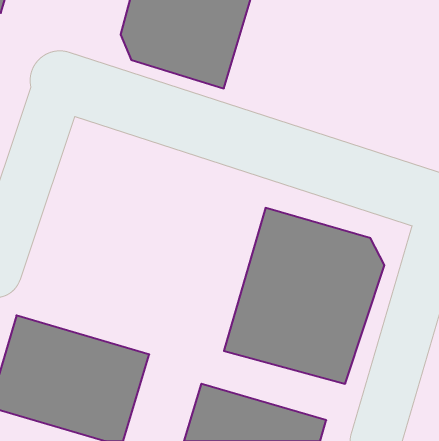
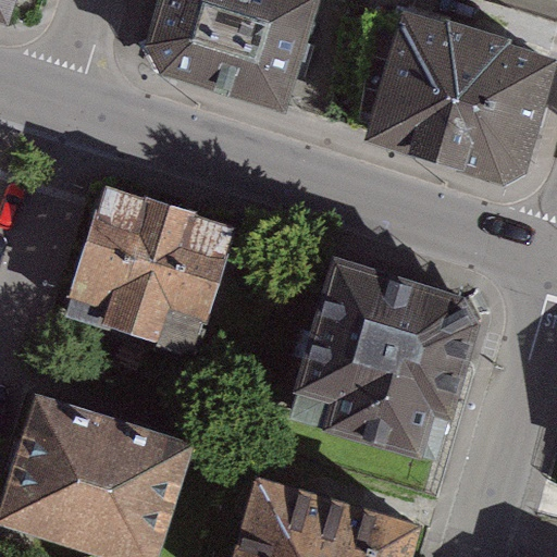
building: none -> [367,16,544,176]
building: none -> [66,181,272,363]

